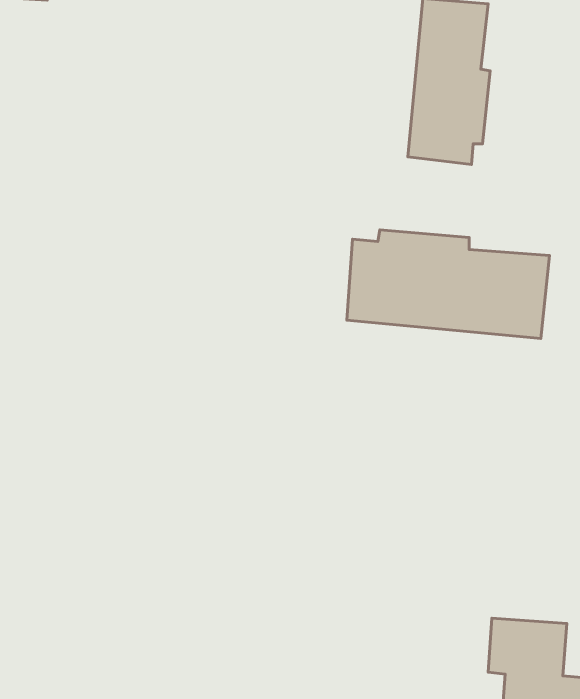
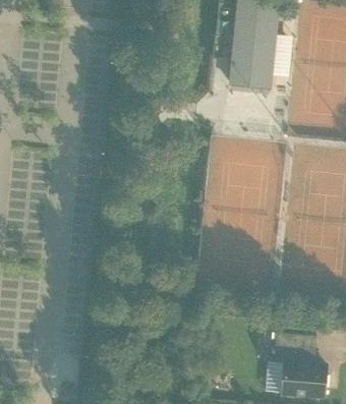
building: [347,230,549,338] -> none

